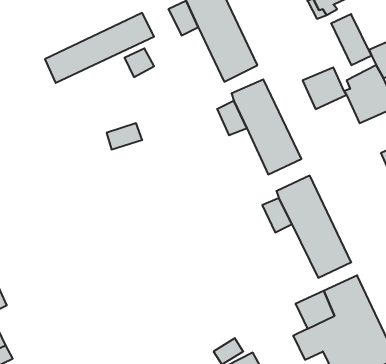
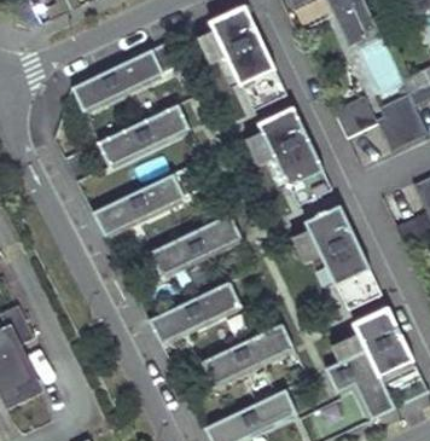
building: none -> [97,100,188,167]
building: none -> [92,162,202,237]
building: none -> [147,210,240,275]
building: none -> [147,275,245,344]
building: none -> [199,320,292,385]

